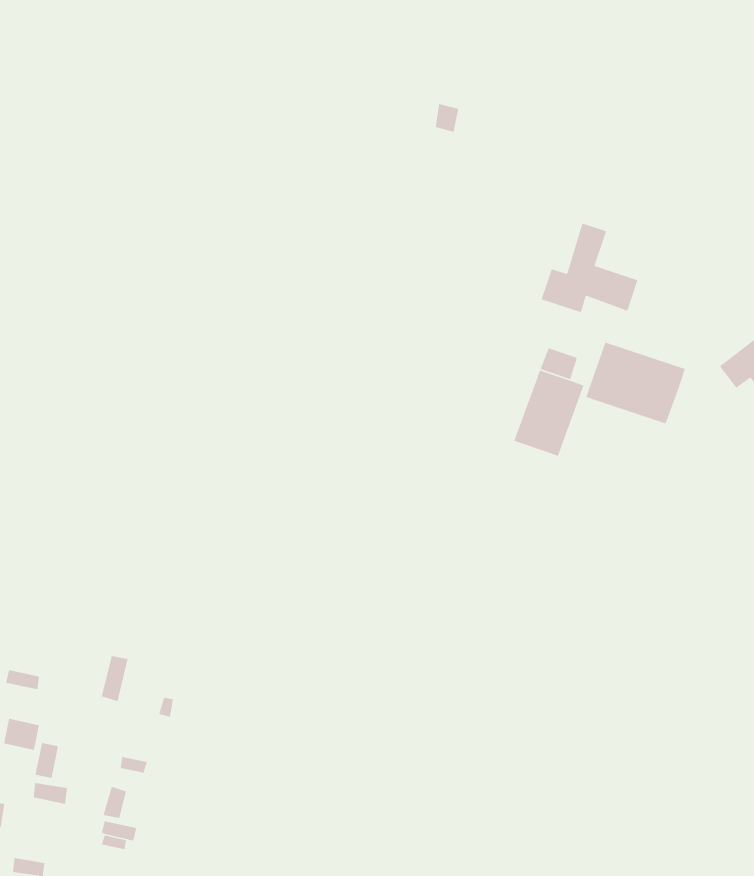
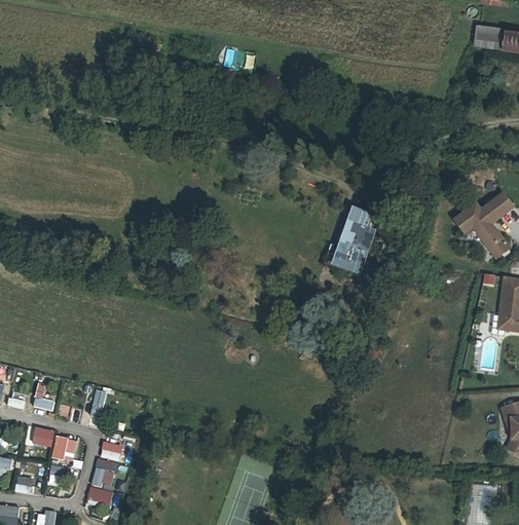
building: [540,223,638,313] -> none
building: [585,342,686,425] -> none

